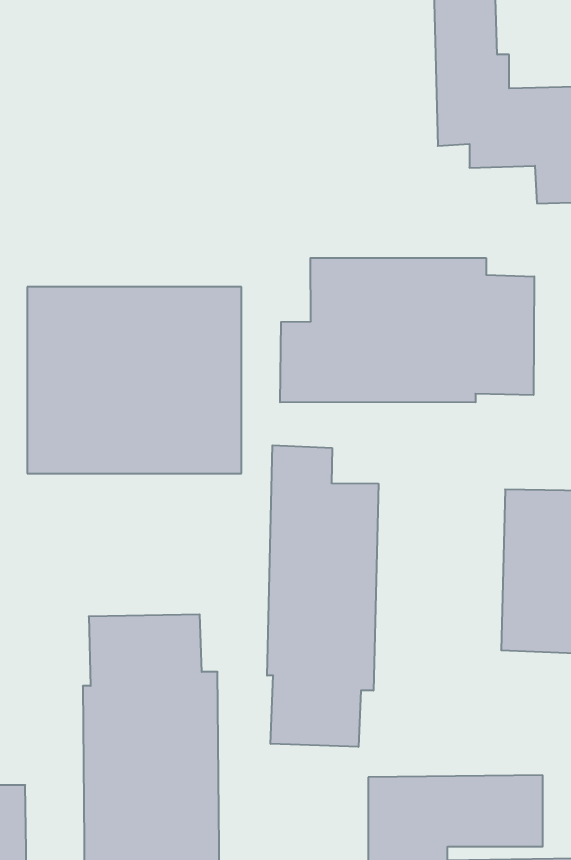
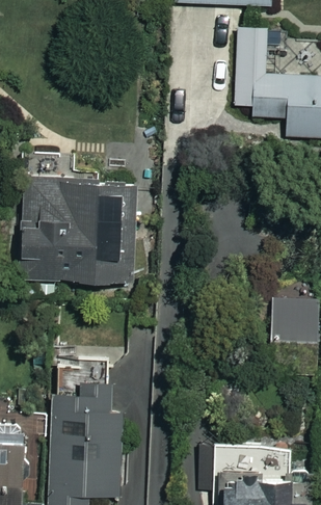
building: [280,258,534,402] -> none
building: [267,445,378,747] -> none

